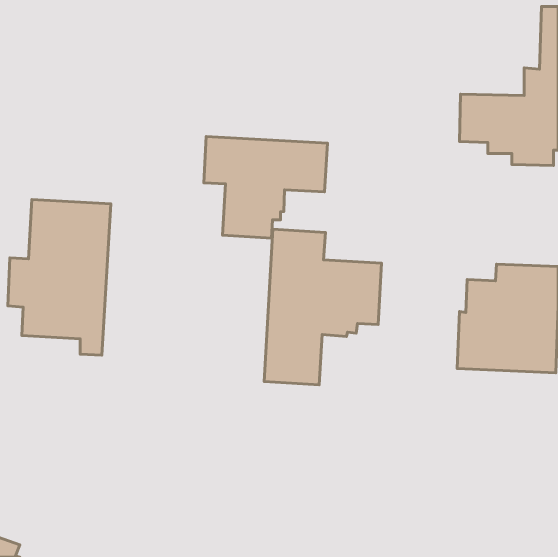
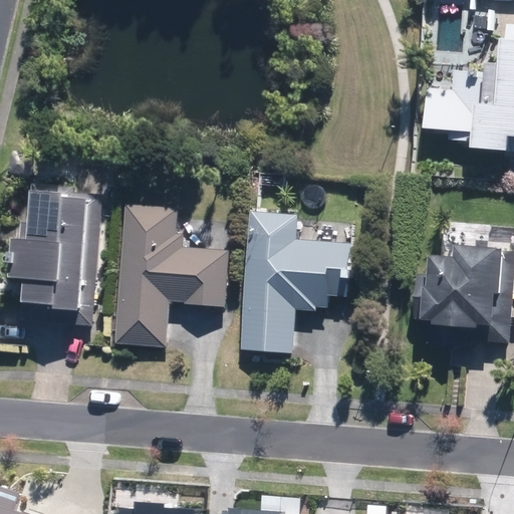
building: [204,136,327,238] -> none
building: none -> [115,203,227,345]

